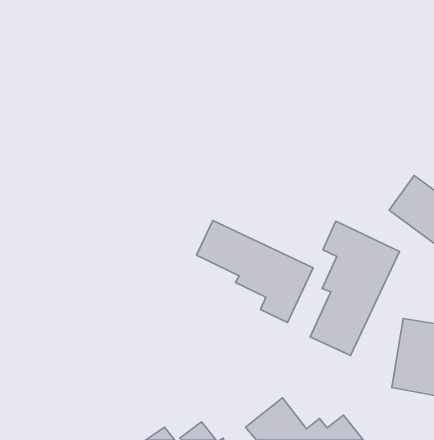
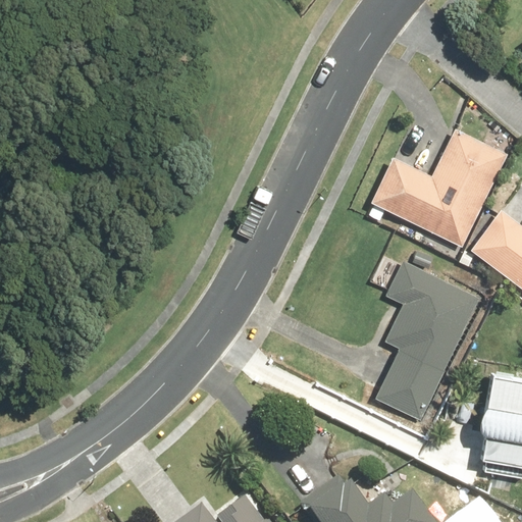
building: none -> [370,127,510,247]
building: [197,221,313,322] -> none

